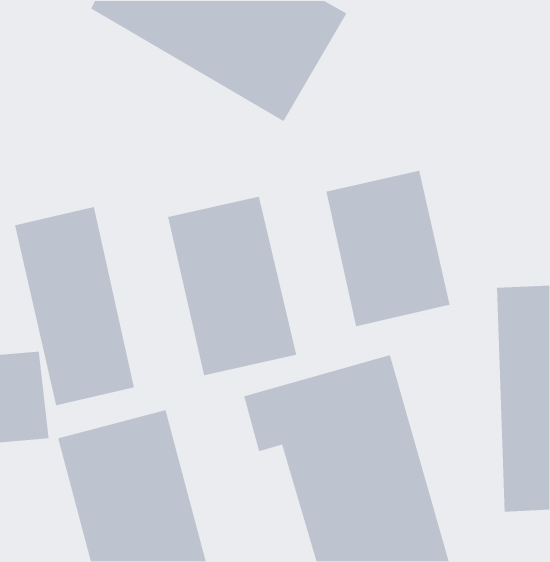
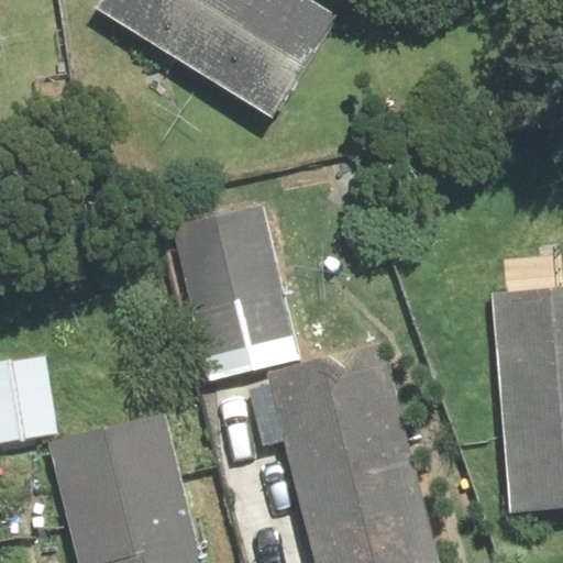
building: [326,170,451,327] -> none
building: [14,206,135,406] -> none

